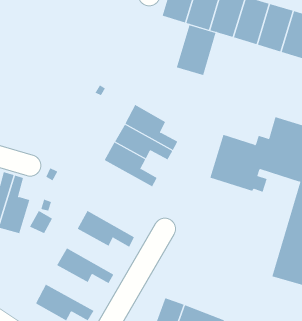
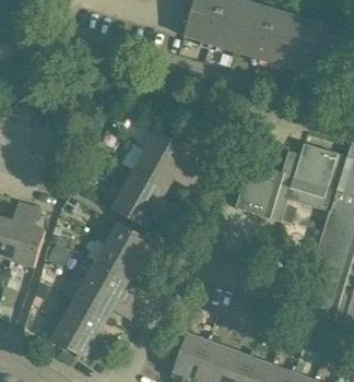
building: [176,24,216,76] -> none
building: none -> [111,188,174,226]
building: none -> [105,220,161,268]
building: none -> [83,260,139,308]
building: none -> [61,298,117,346]

